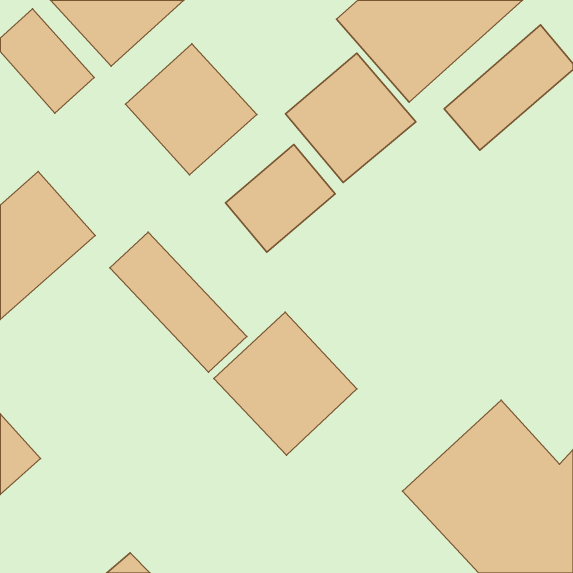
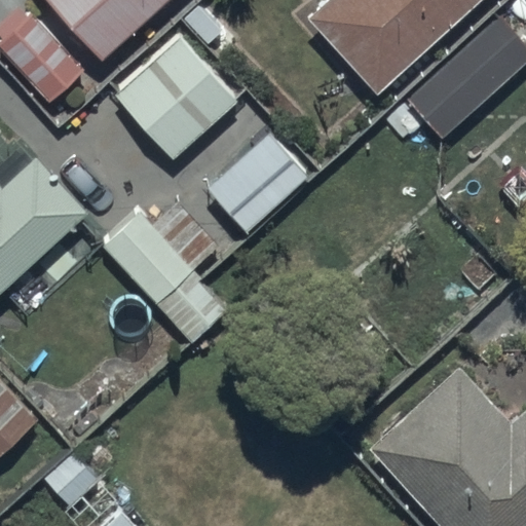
building: [285,53,416,182] -> none
building: [214,312,357,455] -> none

